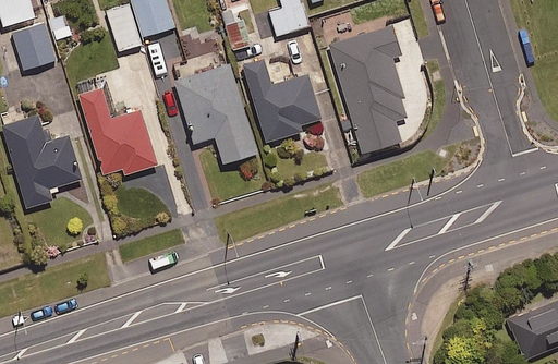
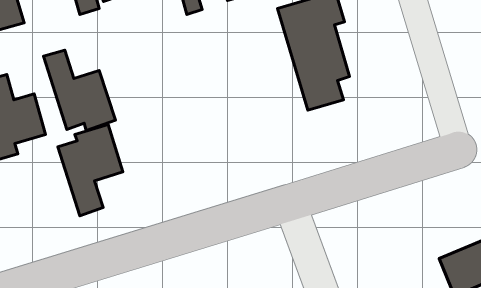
building: [245,62,323,144] -> none
building: [177,66,258,166] -> none
building: none -> [58,125,123,216]

